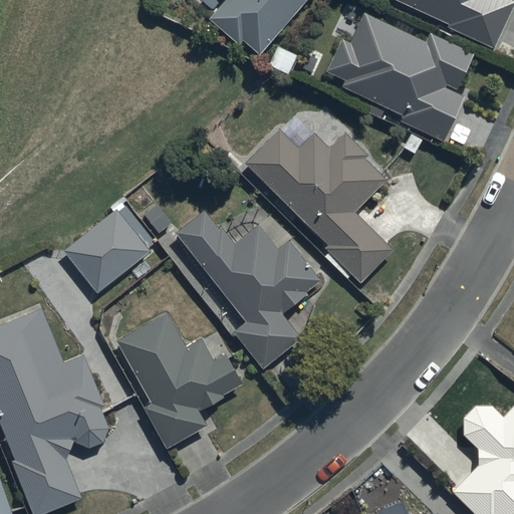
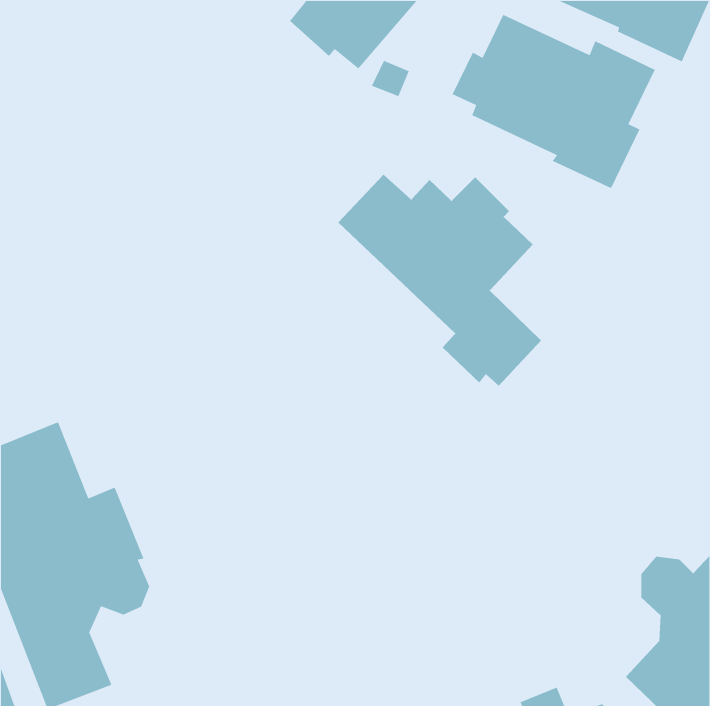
building: [62,203,156,294] -> none
building: [176,209,320,368] -> none
building: [115,312,243,448] -> none

